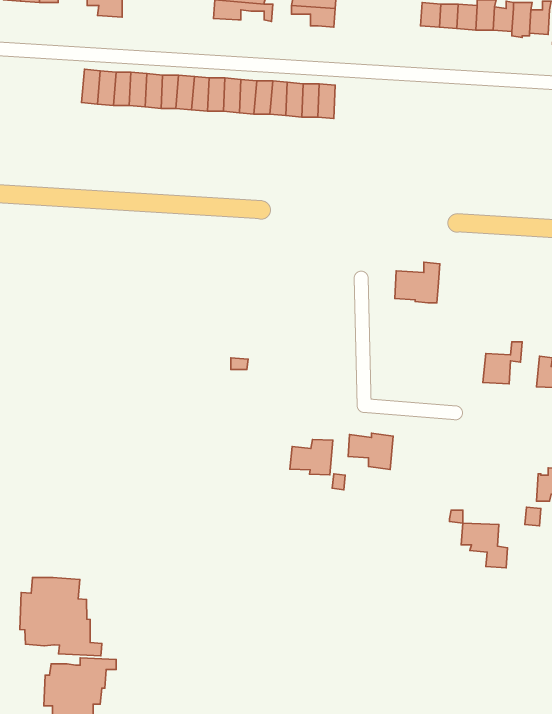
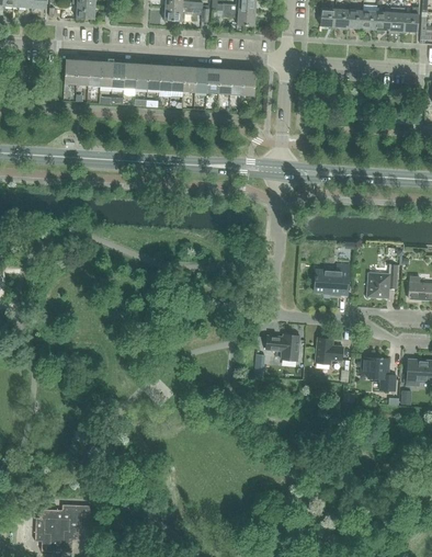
building: [395,262,440,303] -> [316,264,350,295]
building: none -> [316,338,344,364]
building: [290,440,333,475] -> none
building: [461,523,508,568] -> [362,357,397,391]
building: [20,577,102,656] -> none

